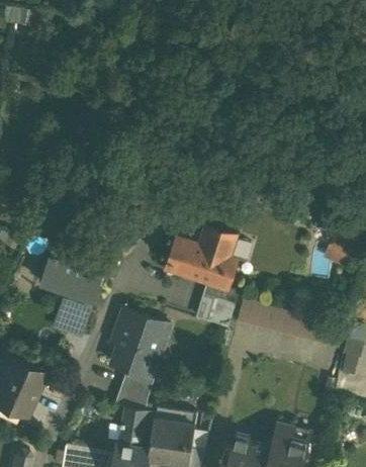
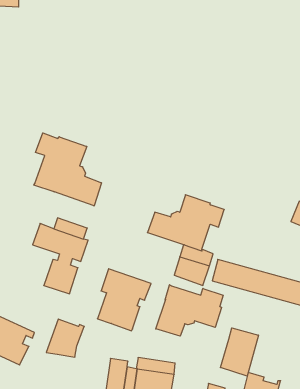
building: none -> [34,133,101,206]
building: none -> [156,285,223,336]
building: [114,369,156,410] -> [46,319,84,357]
building: none -> [220,328,258,376]

